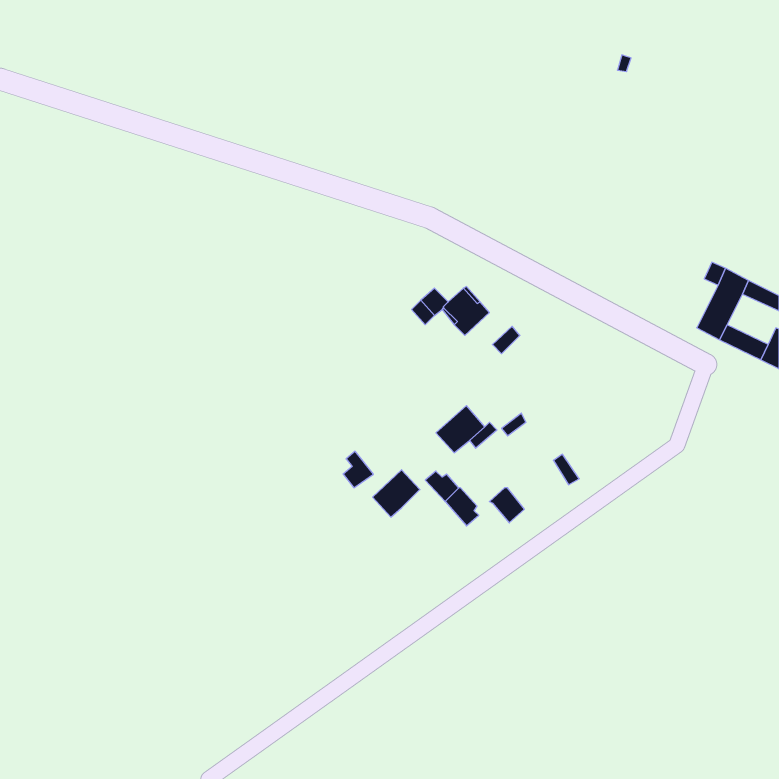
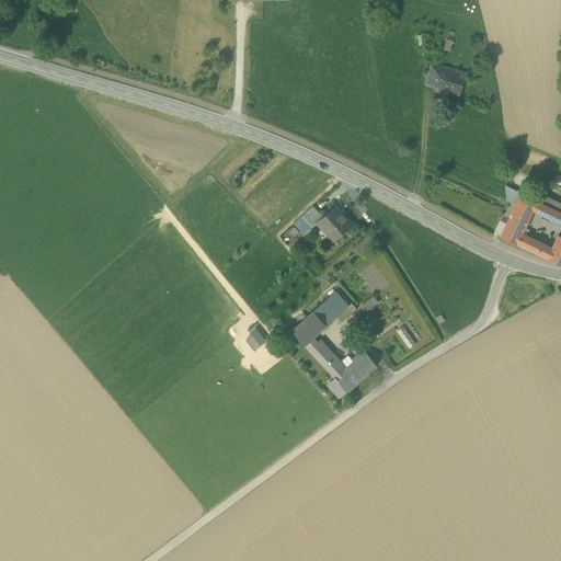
building: none -> [425,62,466,95]
building: [373,470,420,517] -> [293,311,327,345]
building: none -> [335,362,366,391]

